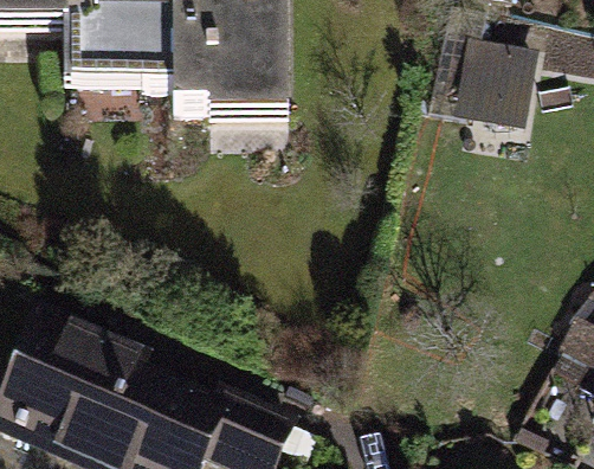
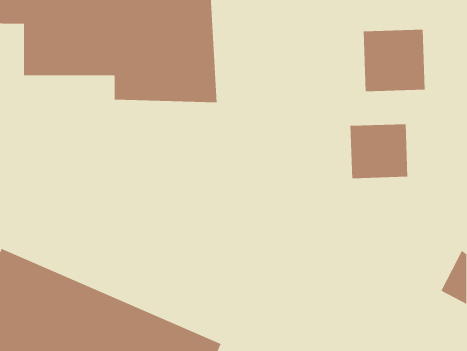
building: none -> [350,123,408,179]

